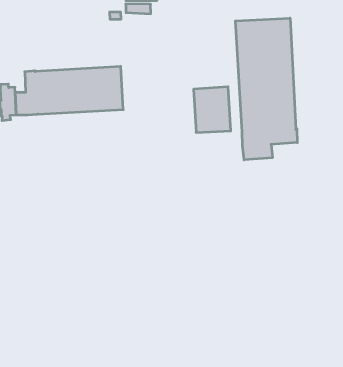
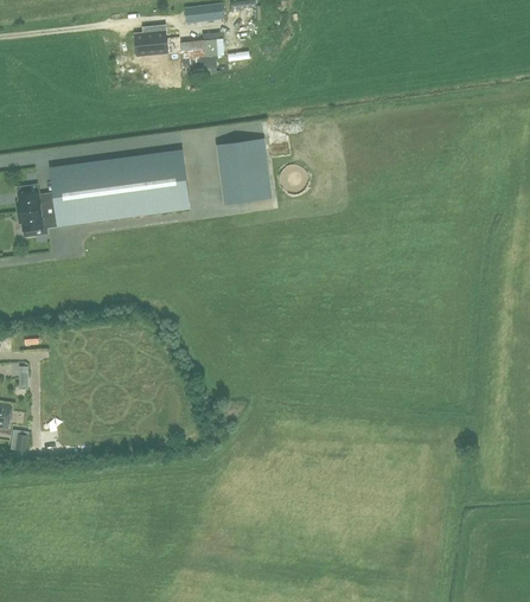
building: [235,18,297,160] -> none
building: [194,87,231,132] -> [216,136,272,203]

